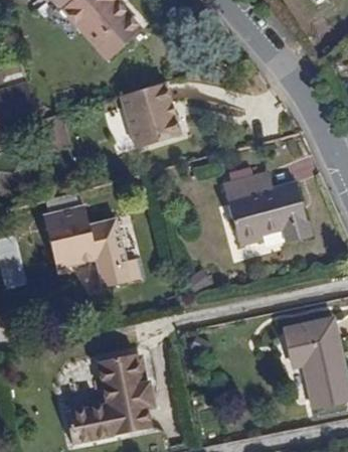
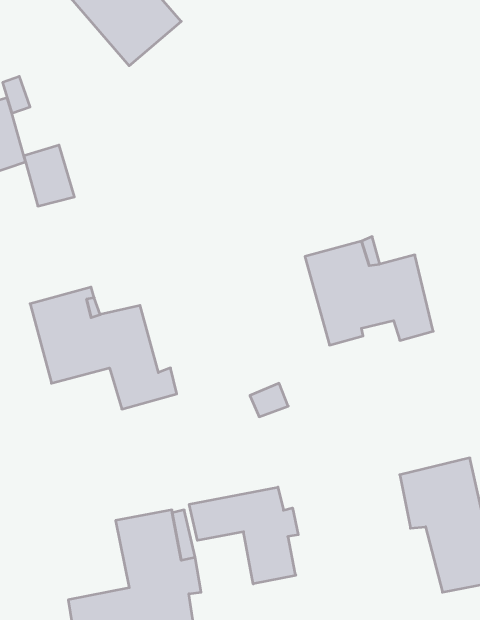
building: [120,83,180,150] -> none
building: none -> [189,487,298,584]

